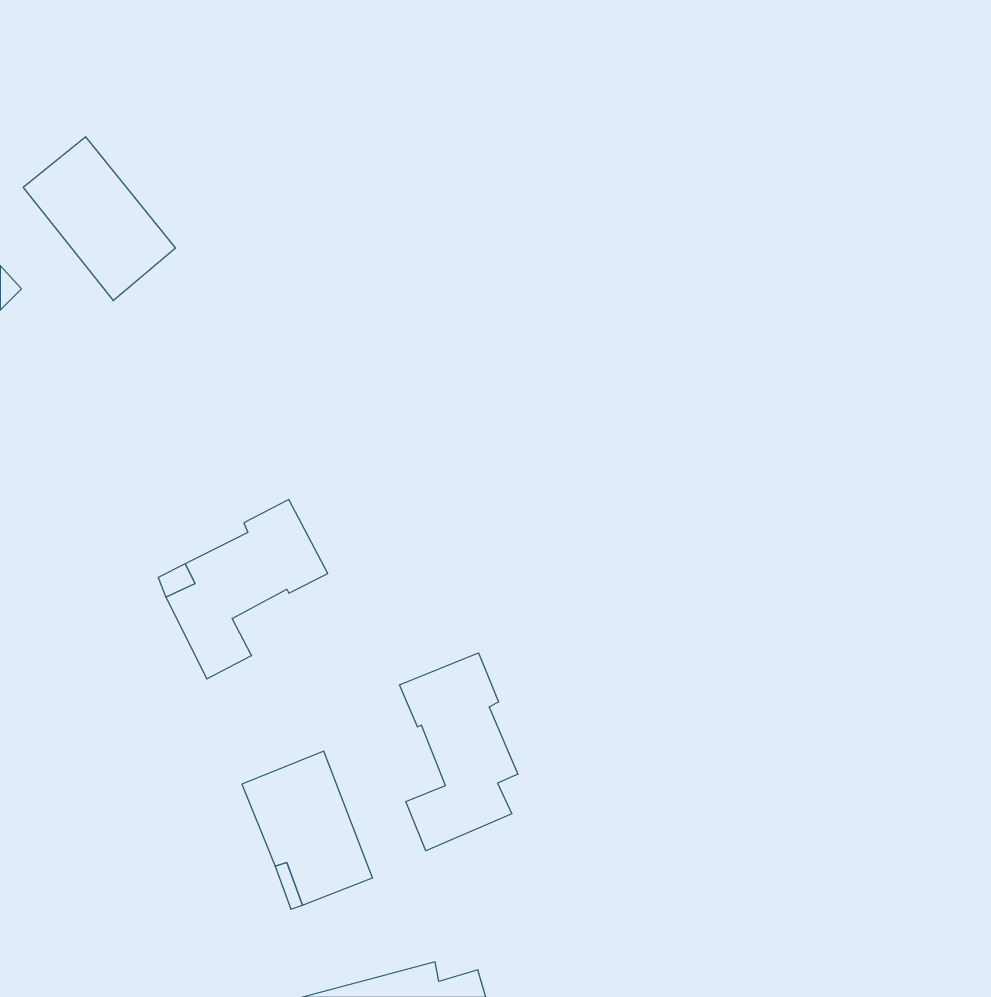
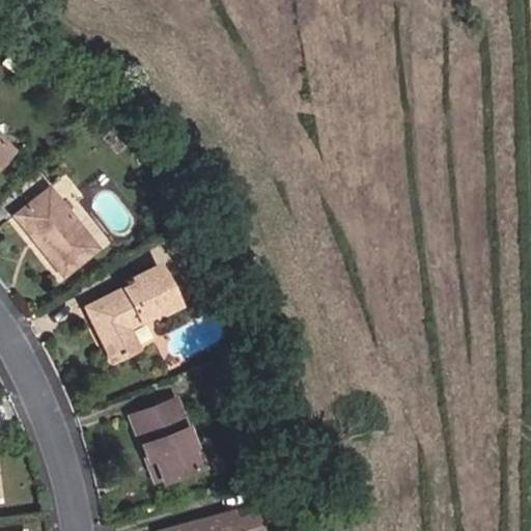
building: [23,137,175,301] -> [16,189,96,276]
building: [399,653,518,851] -> none

